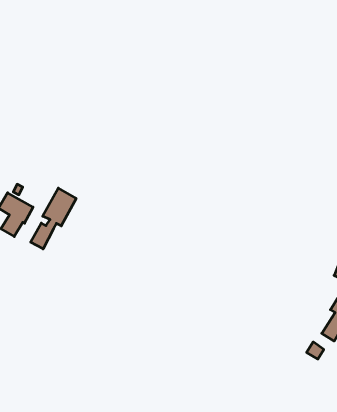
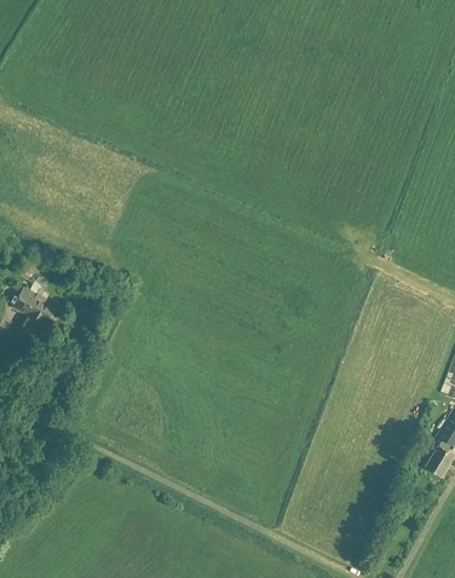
building: [31,188,76,249] -> none

